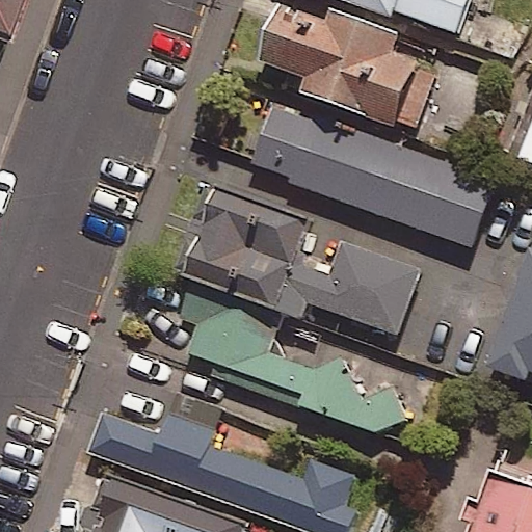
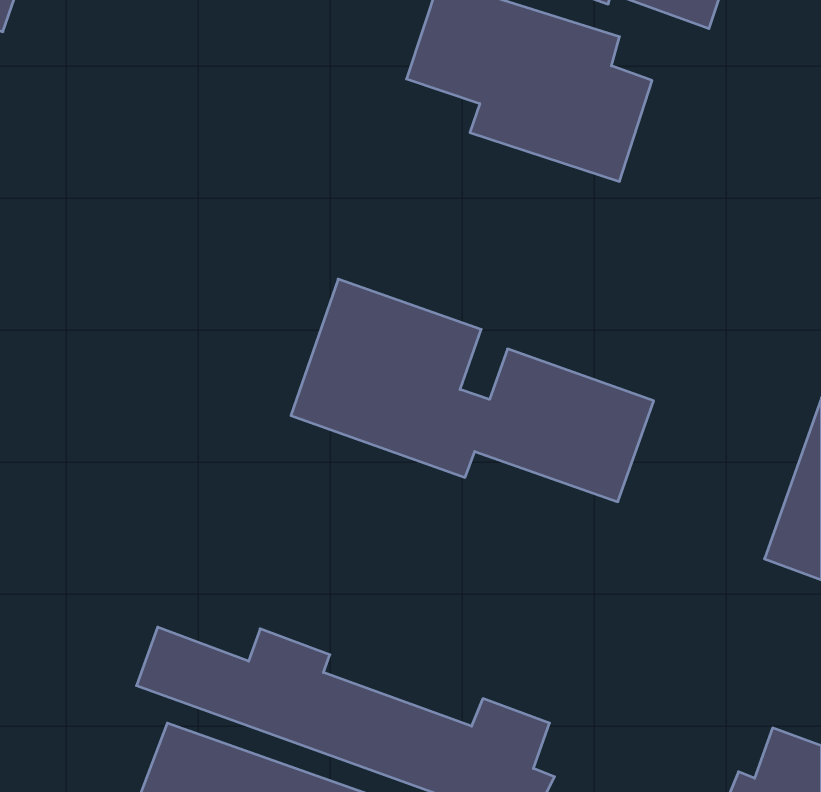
building: [250,104,495,247] -> none
building: [176,289,406,430] -> none

